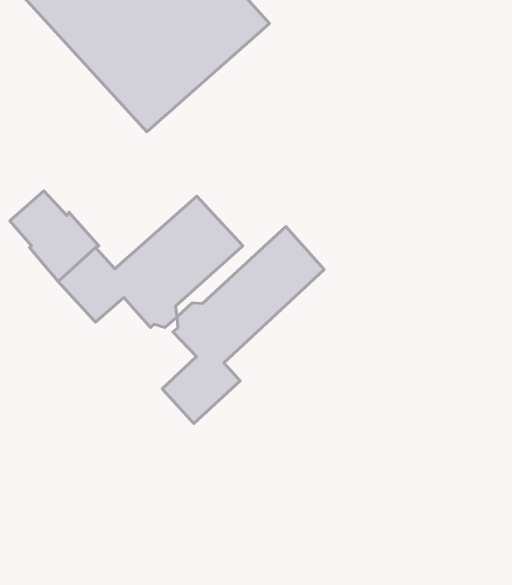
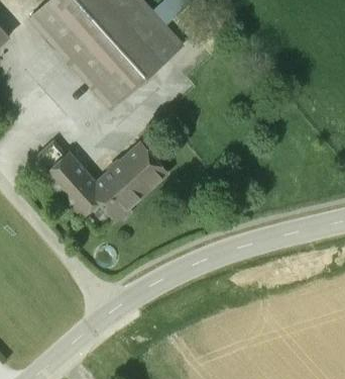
building: [162,226,324,423] -> none

